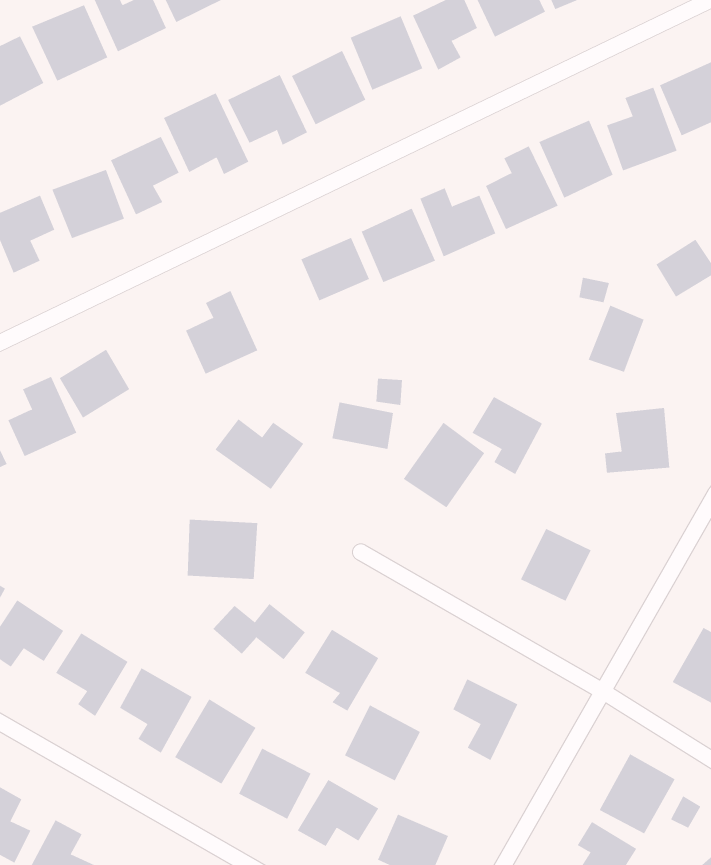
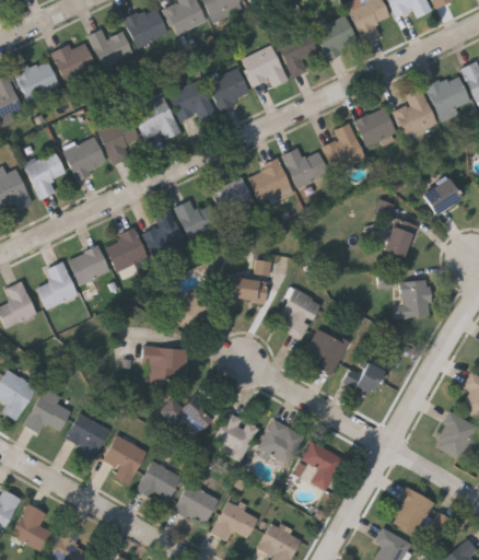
building: none -> [175,199,221,245]
building: none -> [104,228,148,271]
building: [472,396,543,475] -> [305,328,348,375]
building: [344,704,421,781] -> [257,419,303,465]

